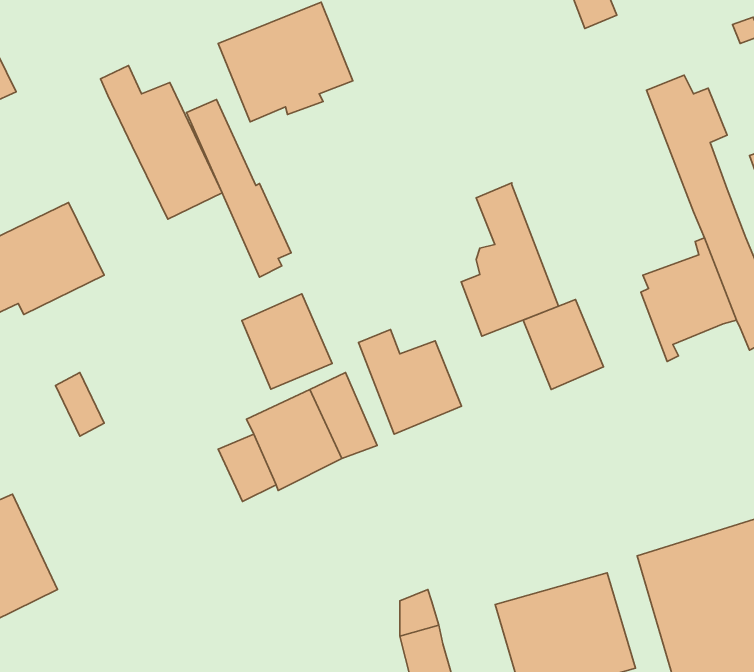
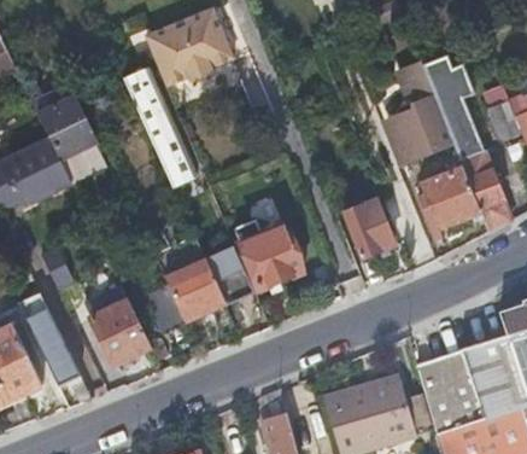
building: [100,66,222,219] -> [29,85,107,184]
building: [461,183,558,336] -> [390,63,452,162]
building: [242,294,332,389] -> none
building: none -> [92,298,151,363]
building: none -> [29,321,89,400]

